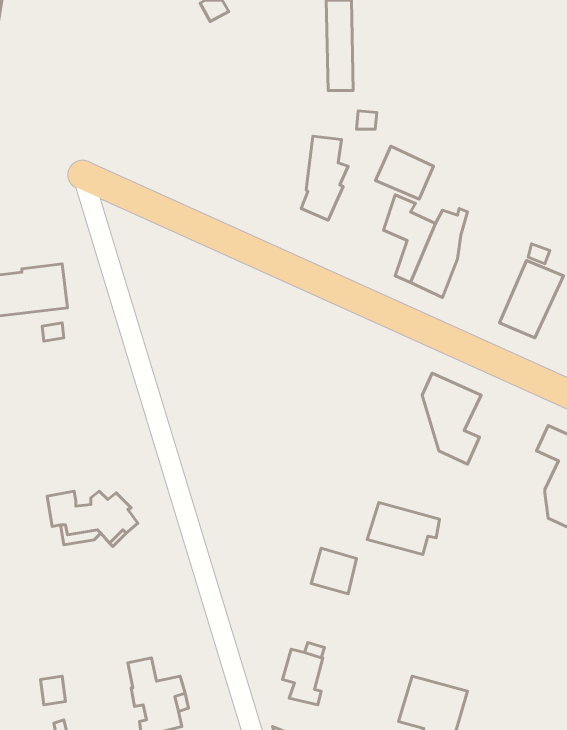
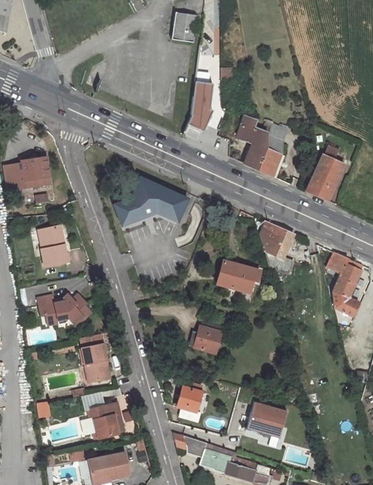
building: none -> [174,14,198,44]
building: [375,146,433,199] -> none
building: none -> [115,177,189,225]
building: none -> [41,225,69,264]
building: [367,502,440,555] -> [217,261,260,292]
building: none -> [82,335,110,380]

